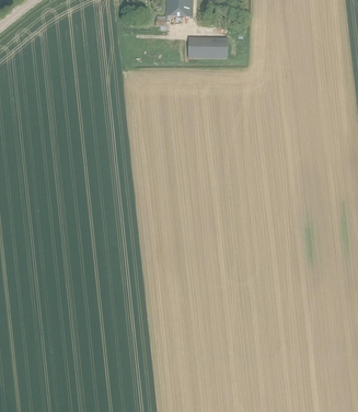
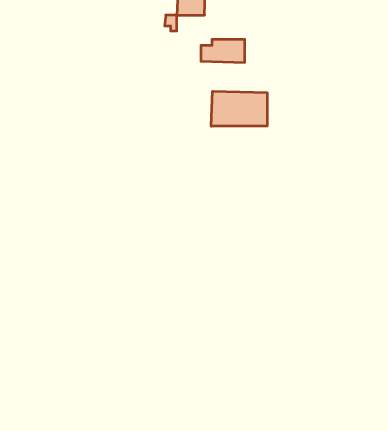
building: none -> [211,91,267,126]

